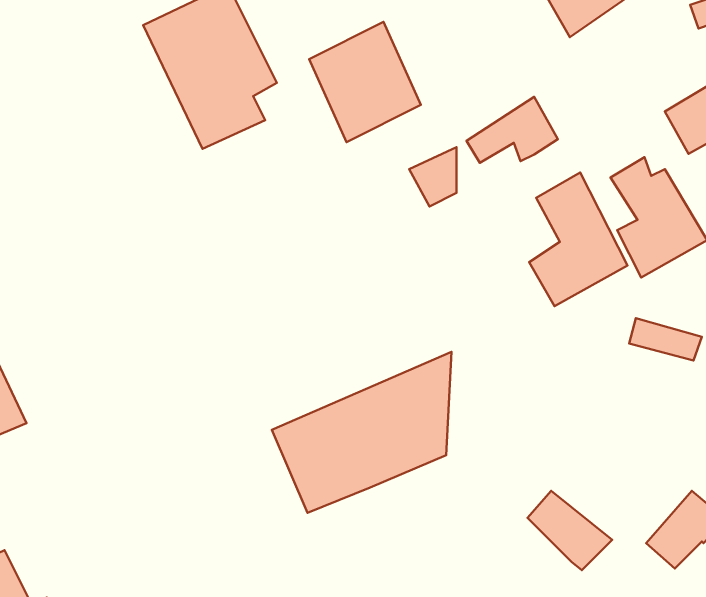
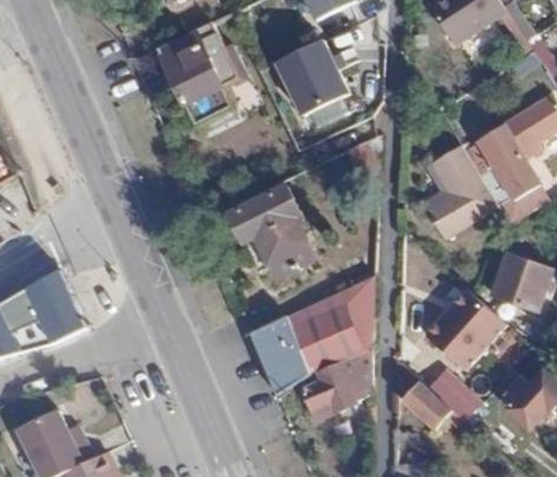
building: [466,97,558,163] -> [474,106,538,152]
building: none -> [228,180,328,292]
building: none -> [489,268,542,304]
building: none -> [425,293,505,374]
building: none -> [298,346,368,420]
building: none -> [400,365,456,438]

